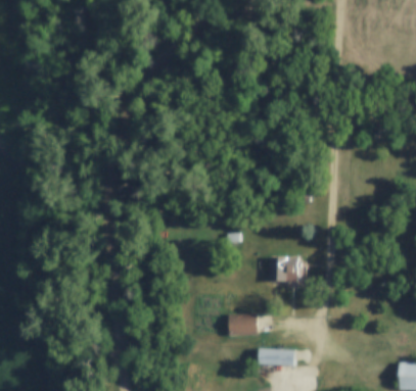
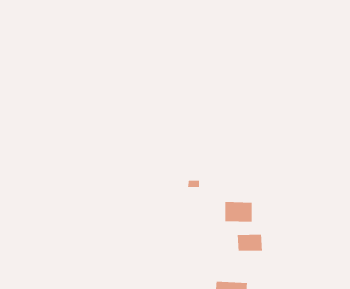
building: [228,313,258,334] -> [237,234,263,252]

